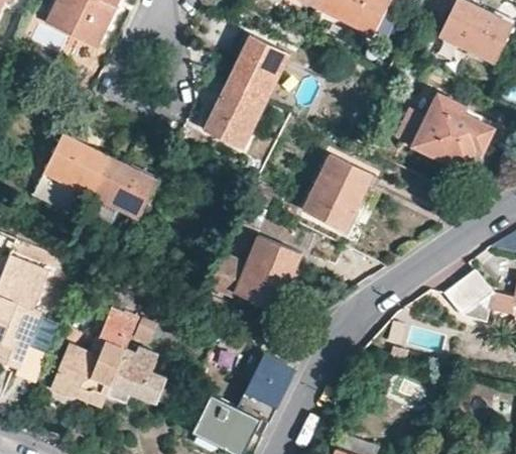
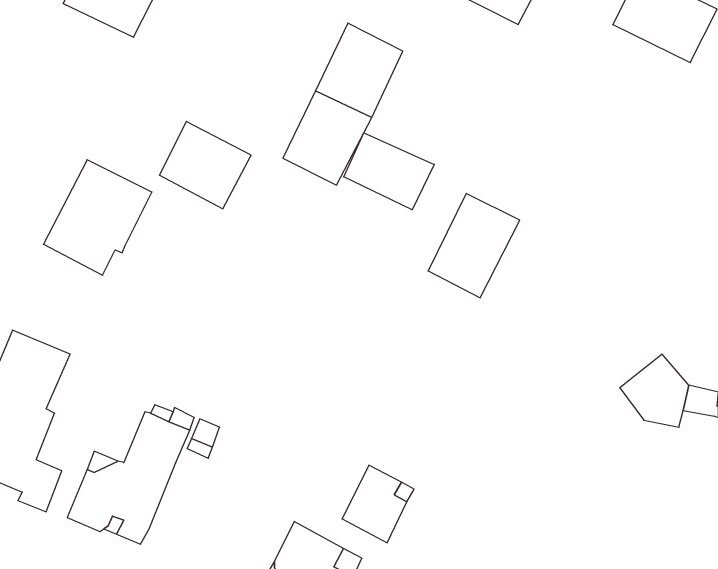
building: [412,93,493,165] -> none
building: none -> [344,133,434,210]
building: [91,155,156,218] -> [159,121,251,209]
building: [204,235,300,311] -> none
building: [108,347,179,406] -> none

